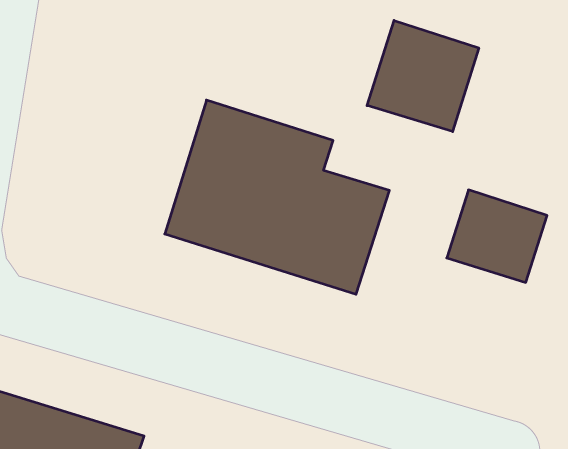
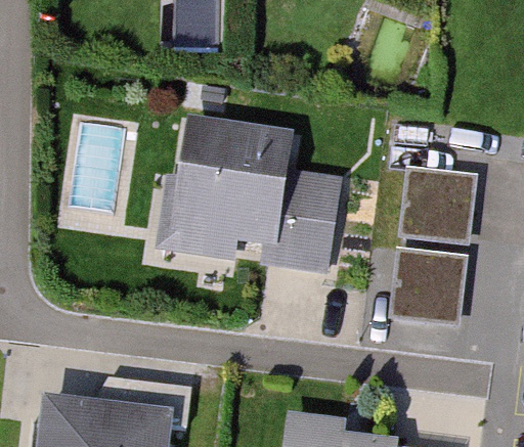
building: [367,20,479,132] -> none
building: none -> [389,250,469,323]

